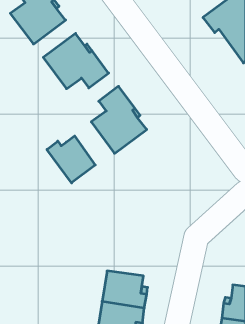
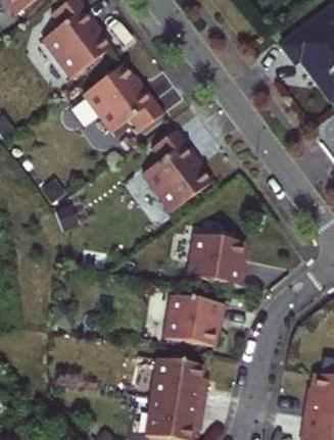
building: [47,136,95,183] -> none
building: none -> [190,235,246,286]
building: none -> [166,296,227,347]

